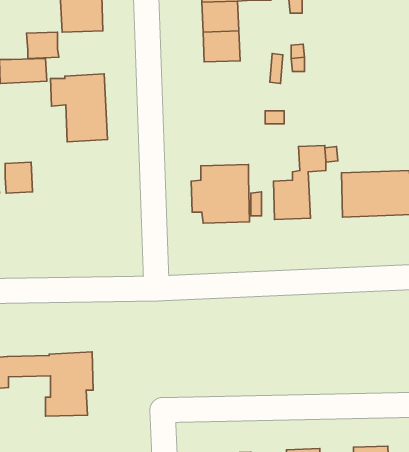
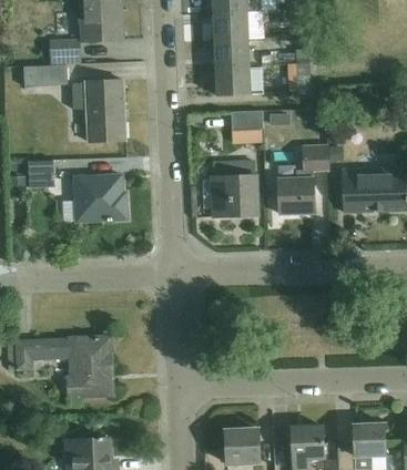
building: none -> [215,67,262,95]
building: none -> [232,111,262,142]
building: none -> [63,175,128,222]

